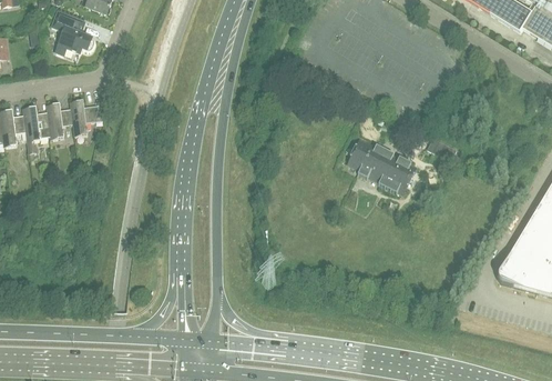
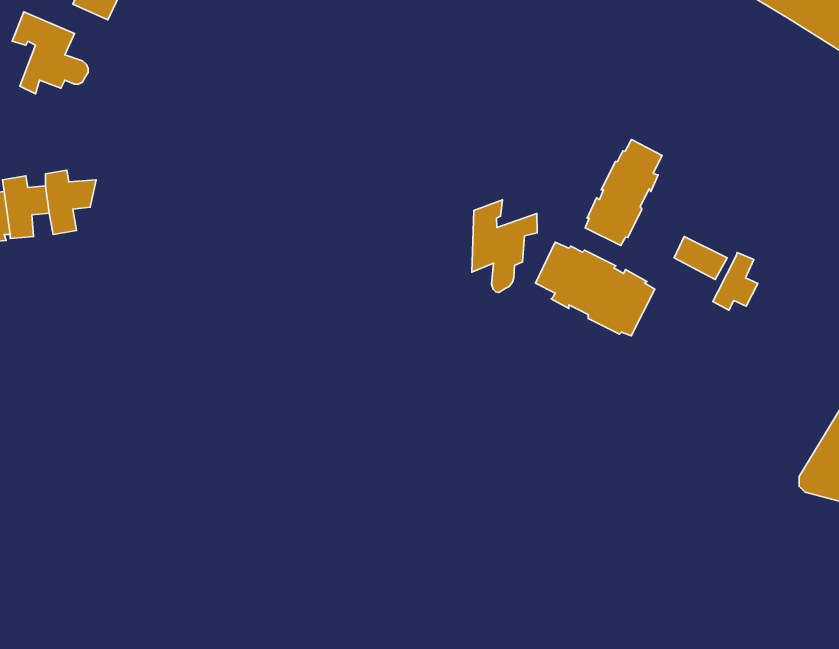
building: none -> [585,139,662,245]
building: none -> [472,200,537,292]
building: none -> [713,252,758,310]

